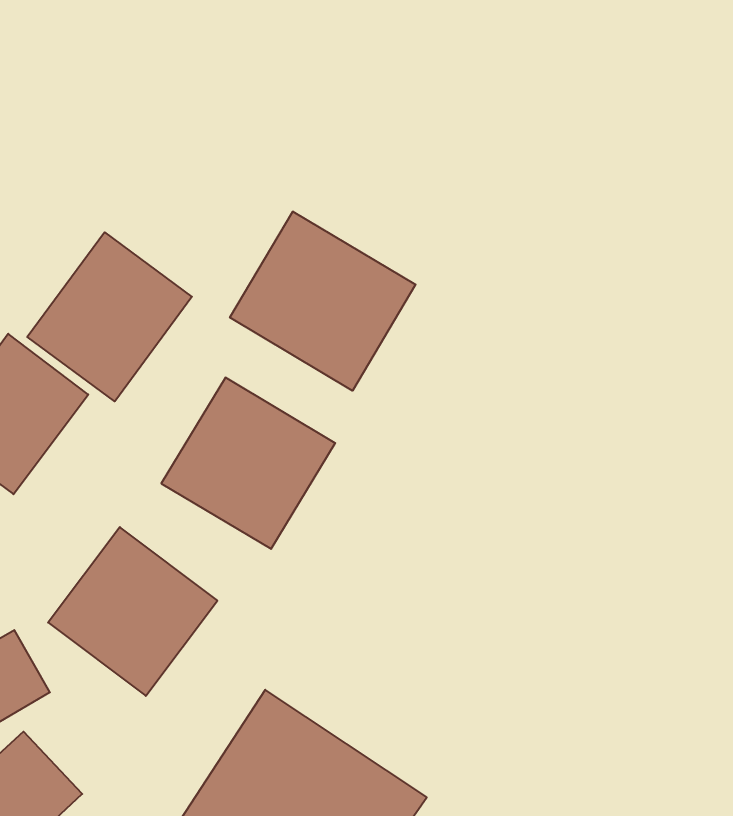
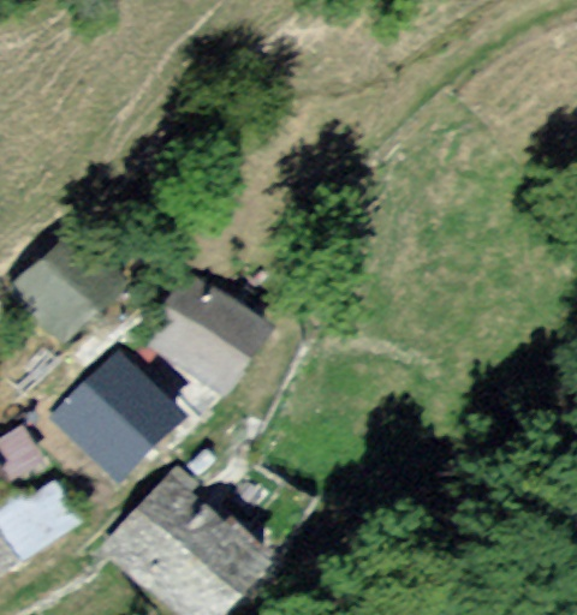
building: [230,211,416,391] -> none
building: [27,232,192,401] -> none

